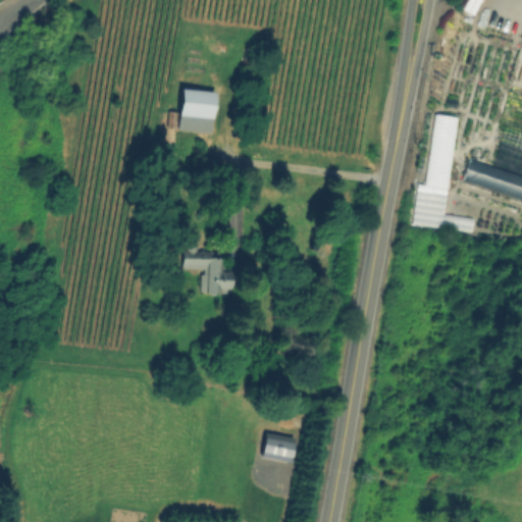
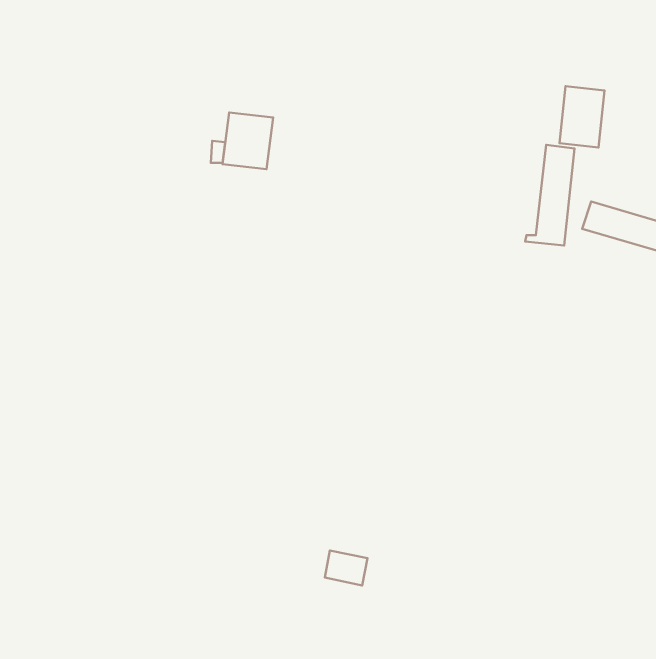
building: none -> [559,86,605,148]
building: [184,243,234,295] -> none

